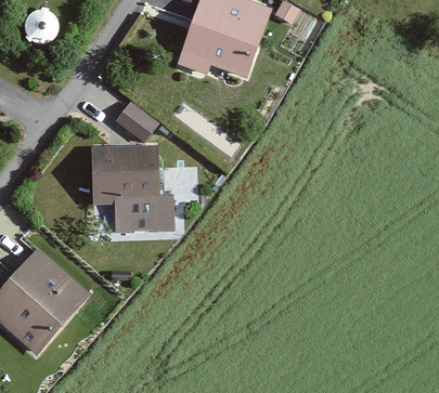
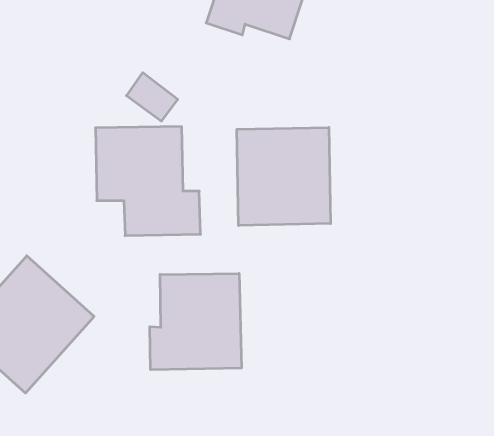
building: none -> [237,127,331,226]
building: none -> [150,273,241,370]

